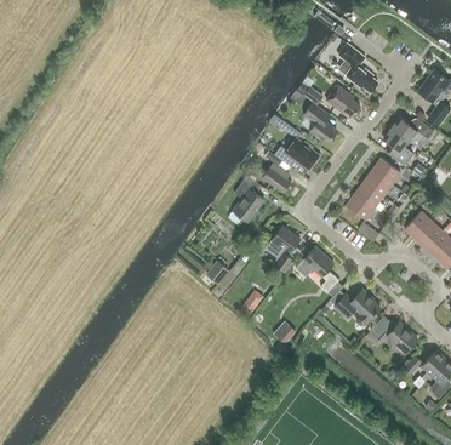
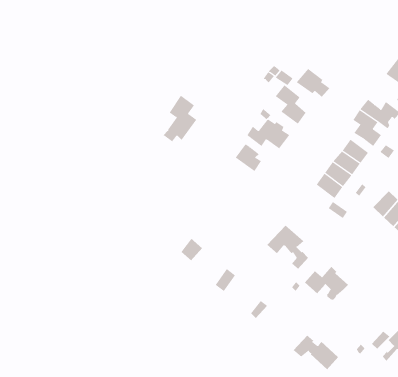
building: [338,42,378,92] -> none
building: [229,175,264,223] -> [163,95,197,142]
building: [267,224,301,272] -> none
building: [370,315,417,352] -> [293,335,339,370]

